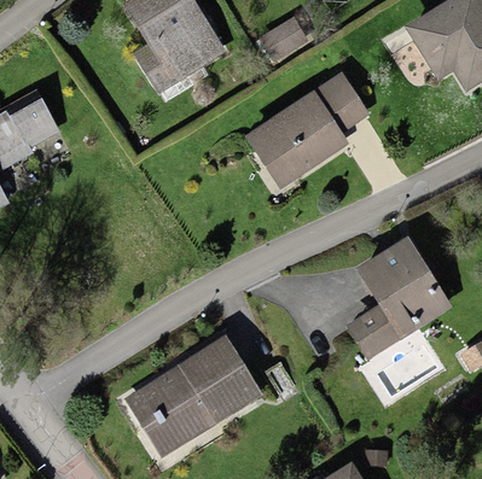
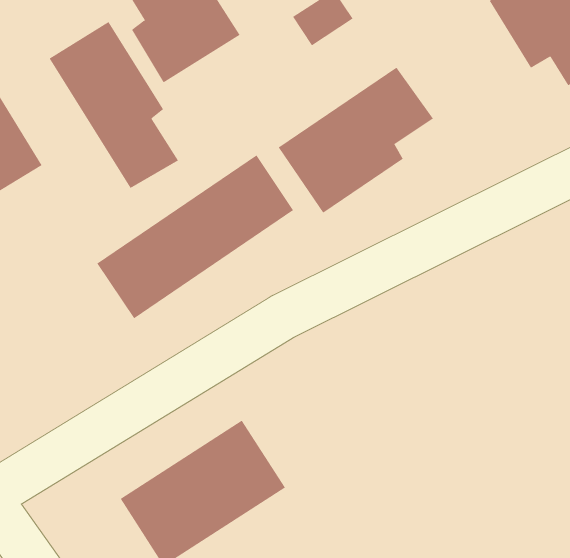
building: none -> [49,21,179,189]
building: none -> [97,155,294,319]
building: [352,240,443,355] -> none

